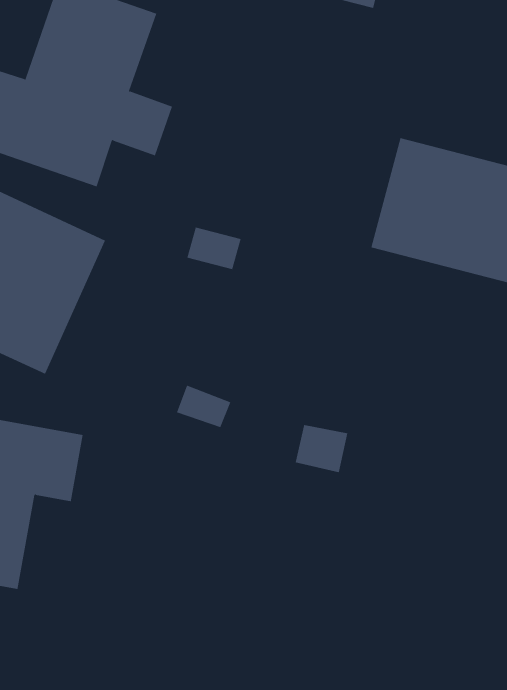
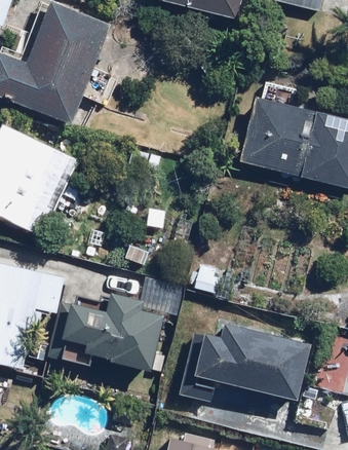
building: none -> [49,295,162,369]
building: none -> [180,322,311,403]

